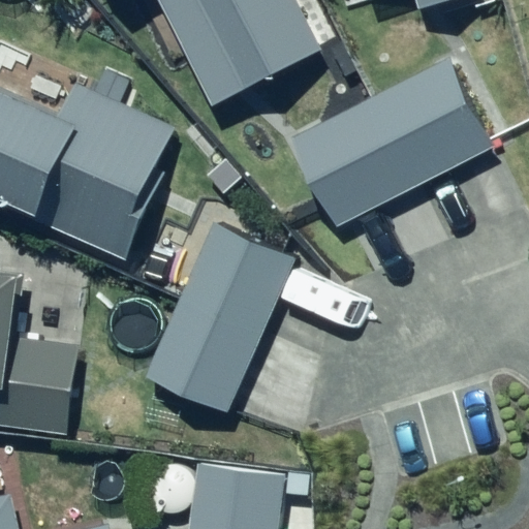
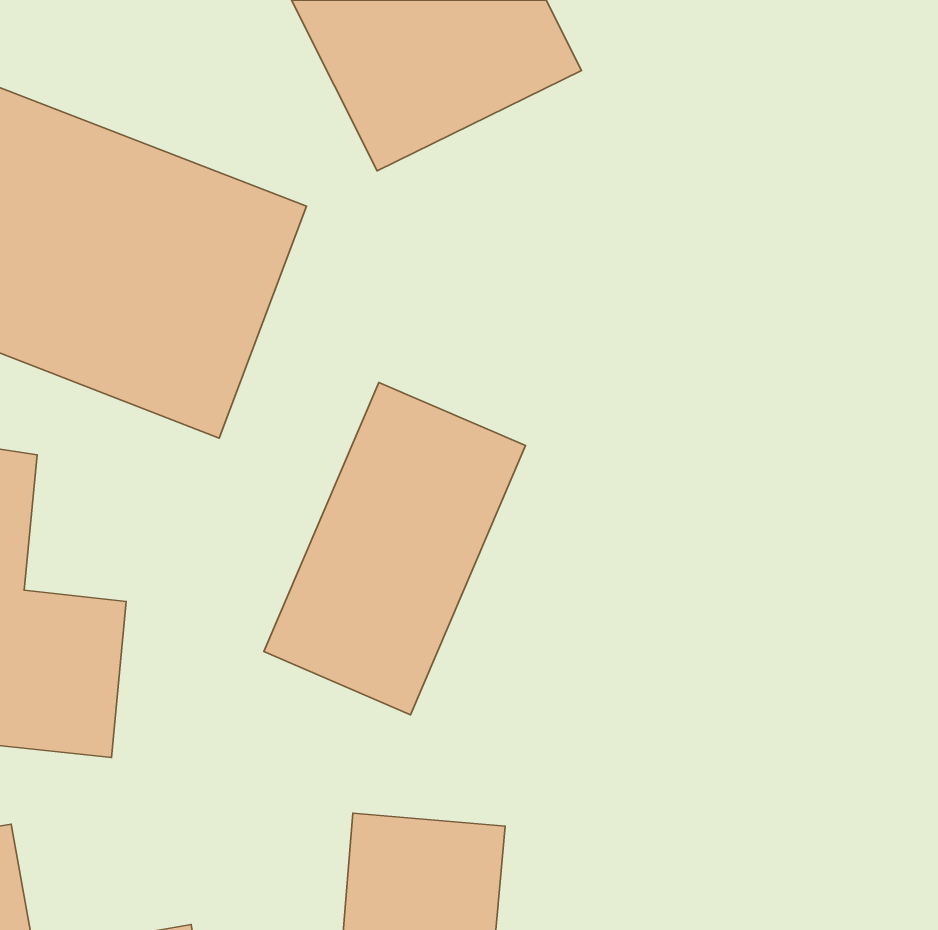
building: [293,61,497,225] -> none

